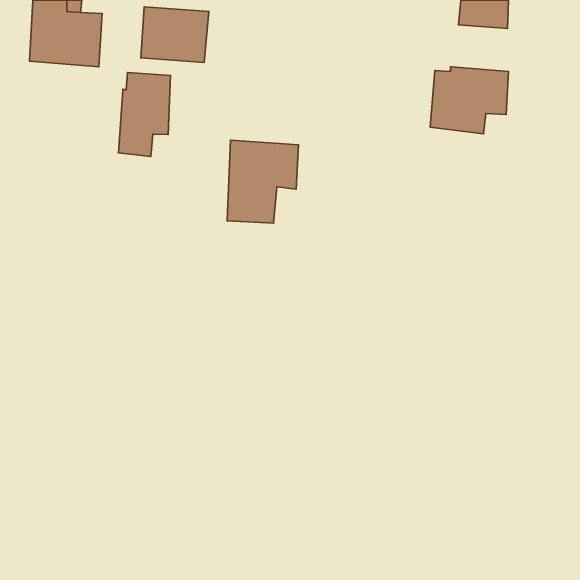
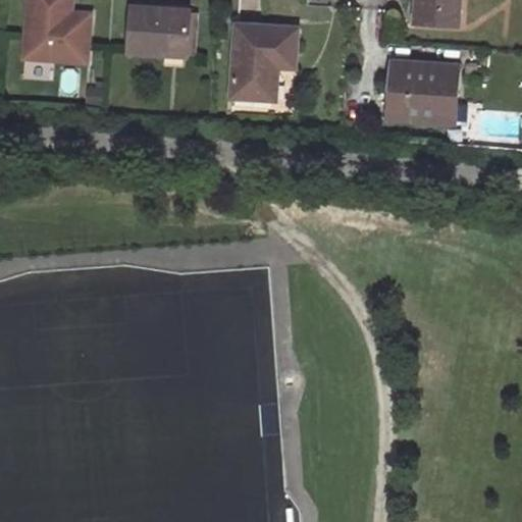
building: [118,72,171,156] -> none
building: [227,140,299,223] -> [233,23,298,98]

